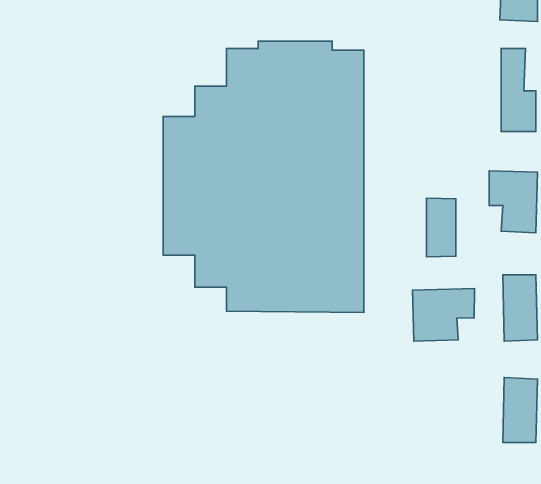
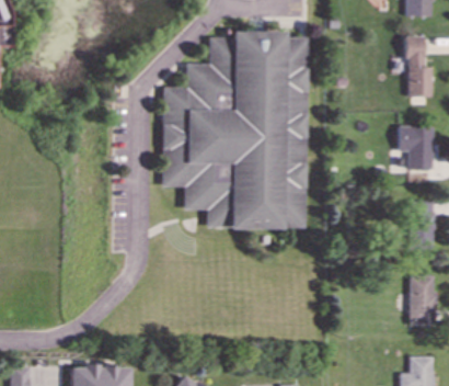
building: [426,198,456,257] -> none
building: [413,289,475,341] -> none

